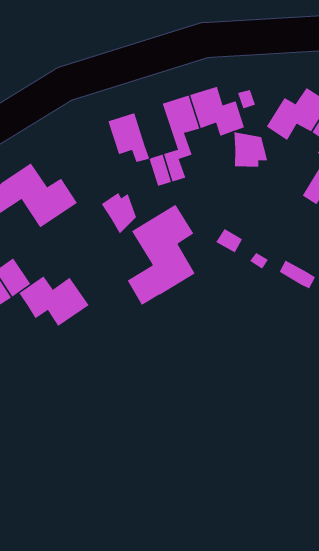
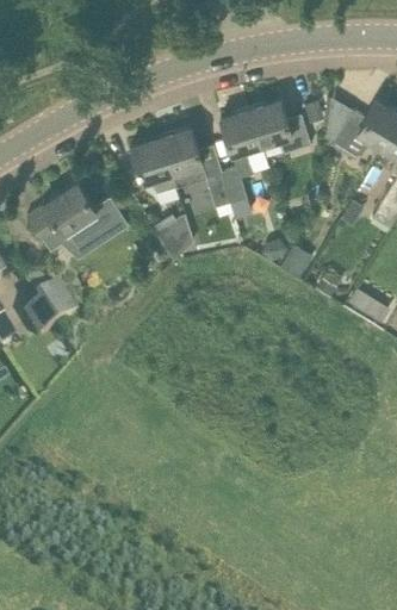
building: none -> [130,137,175,193]
building: [234,131,268,167] -> none
building: [127,204,196,306] -> none
building: [18,275,89,327] -> none

